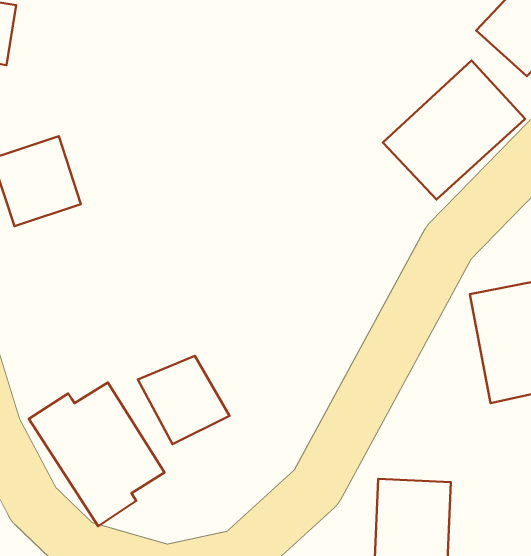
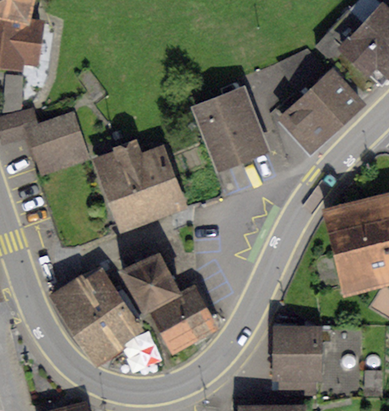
building: none -> [193,91,267,173]
building: none -> [97,141,181,225]
building: none -> [151,287,213,347]

